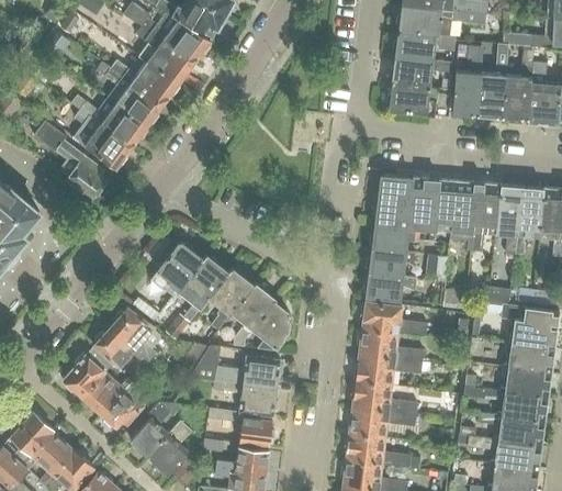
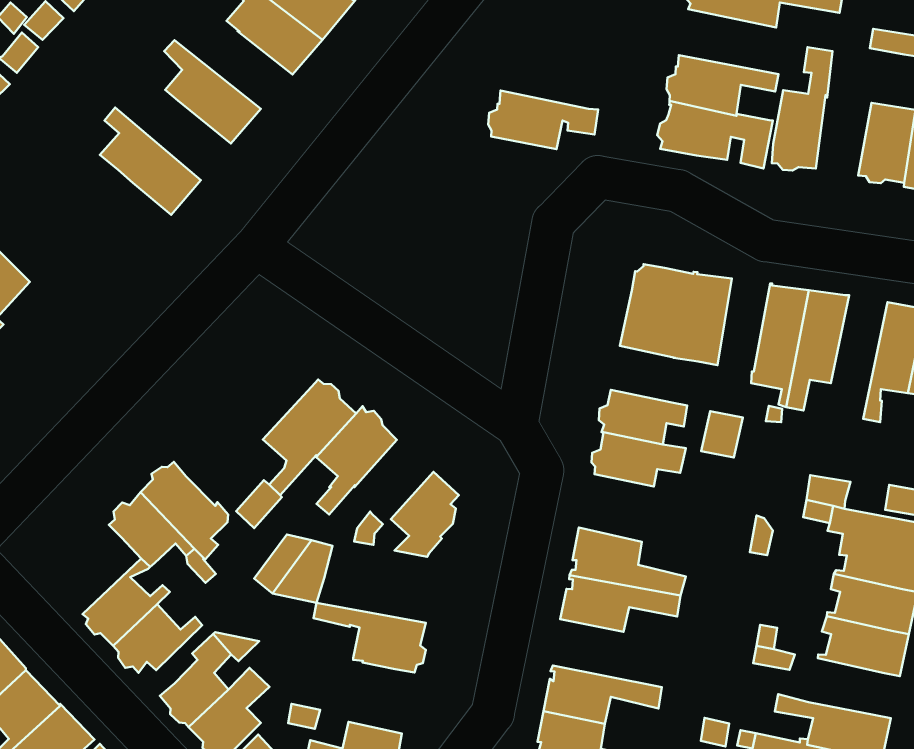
building: [394,30,456,60] -> [488,90,598,149]
building: [479,48,508,119] -> none
building: [111,60,179,104] -> none
building: [71,96,147,147] -> none
building: [34,122,108,200] -> none
building: [429,180,458,244] -> none
building: [496,185,525,254] -> none
building: [370,223,420,253] -> none
building: [154,242,203,291] -> none
building: [232,283,277,331] -> none
building: [360,301,426,336] -> none
building: [64,346,114,398] -> none
building: [215,355,283,388] -> none
building: [351,380,416,414] -> none
building: [497,391,548,422] -> none
building: [207,408,276,447] -> none

